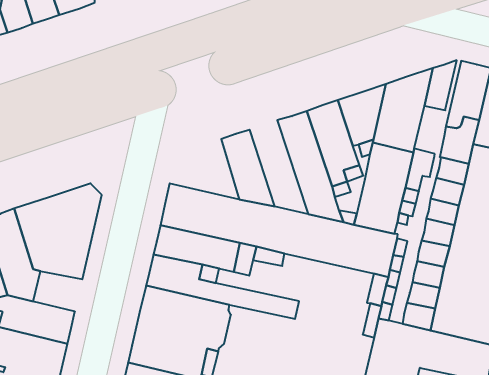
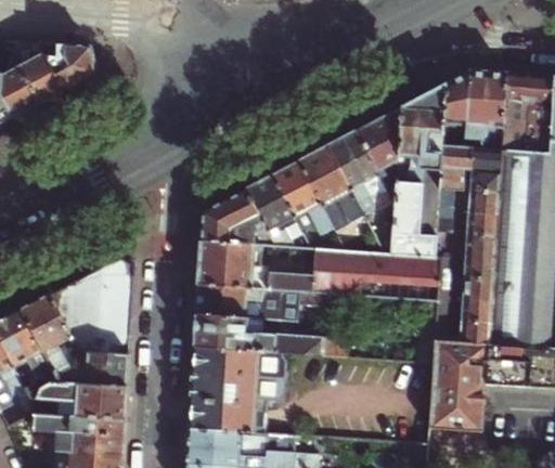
building: none -> [440,120,465,167]
building: none -> [272,159,345,248]
building: none -> [201,187,273,245]
building: none -> [83,350,129,385]

